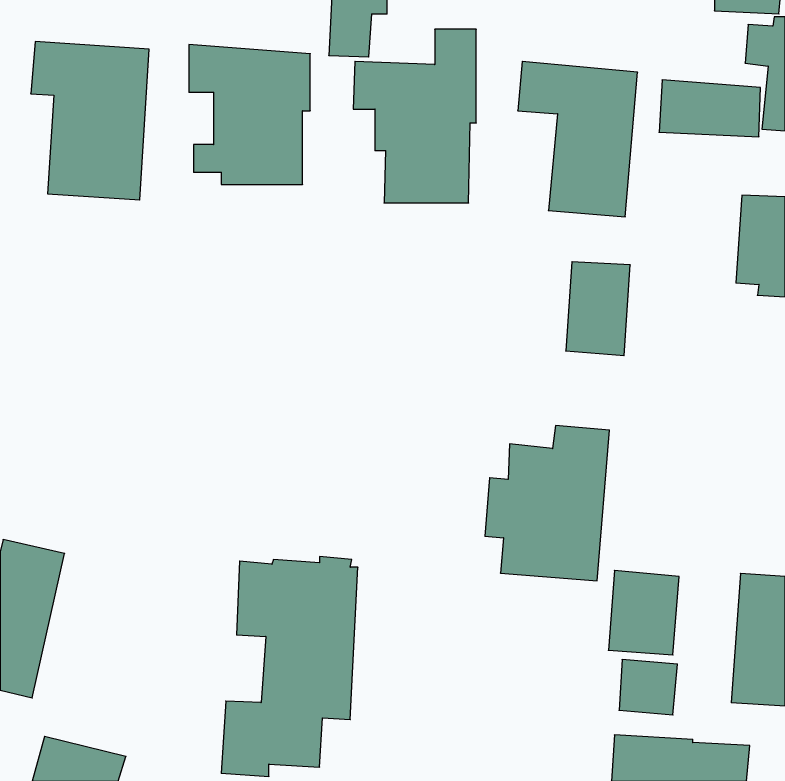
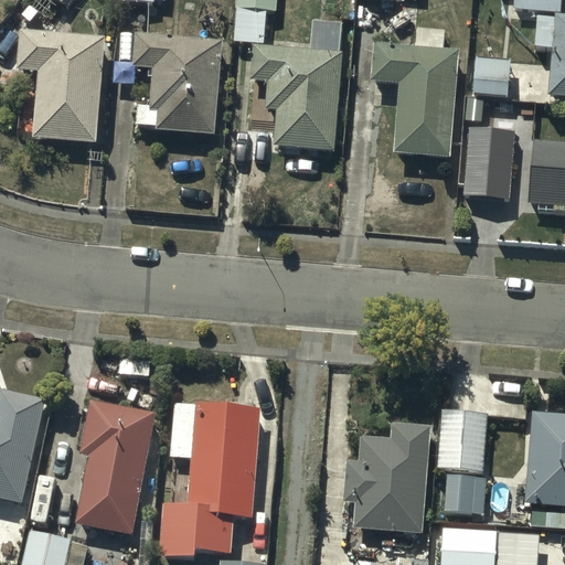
building: [566,262,630,356] -> [467,131,513,199]
building: [485,426,609,581] -> [342,422,431,533]
building: none -> [78,399,153,533]

